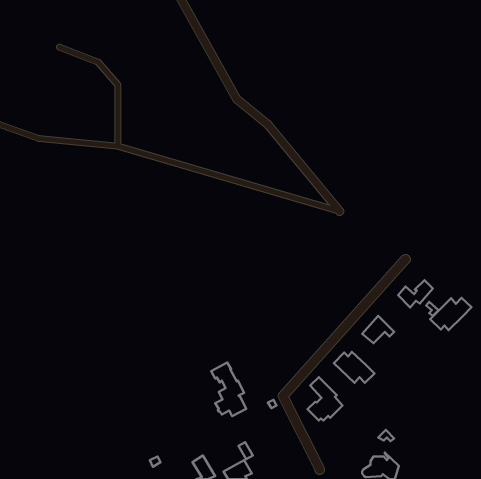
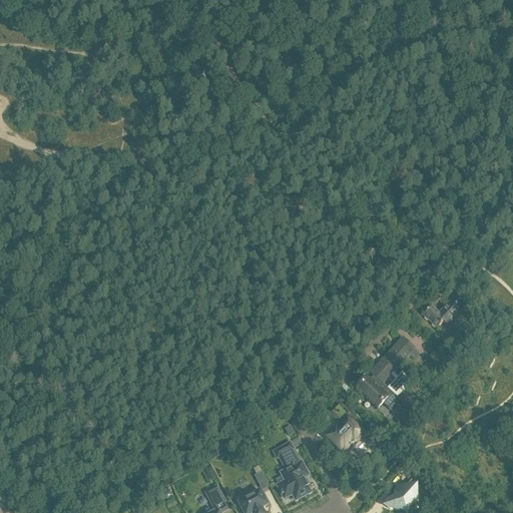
building: [430,298,471,330] -> none
building: none -> [371,355,397,388]
building: [211,363,246,416] -> [273,441,310,498]

